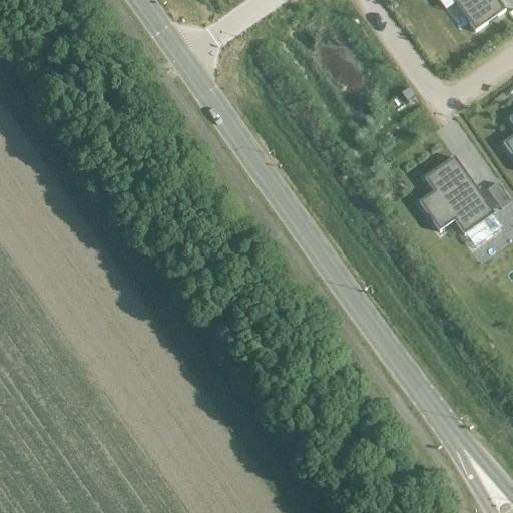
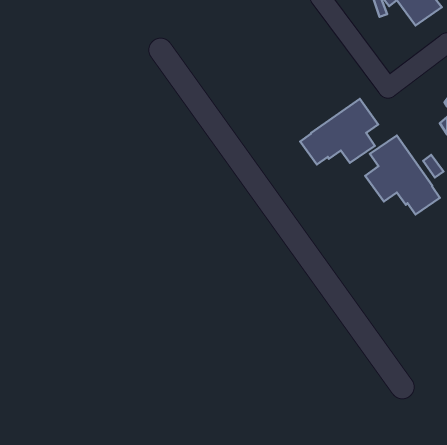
building: none -> [300,99,378,165]

